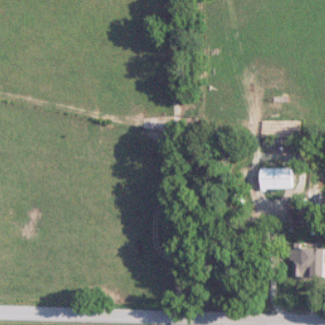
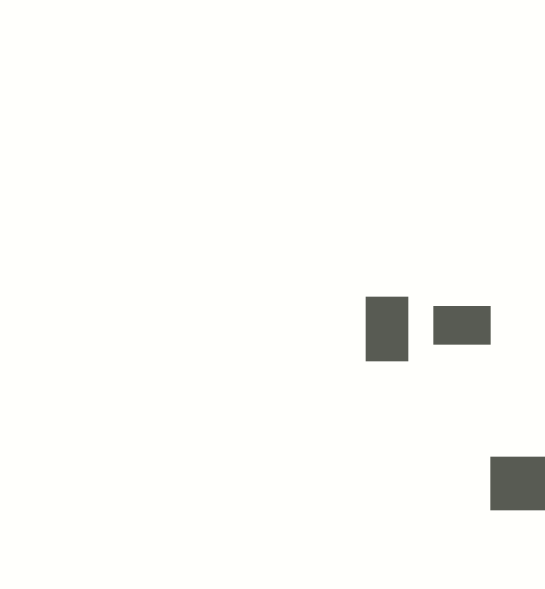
building: none -> [365,296,409,362]

